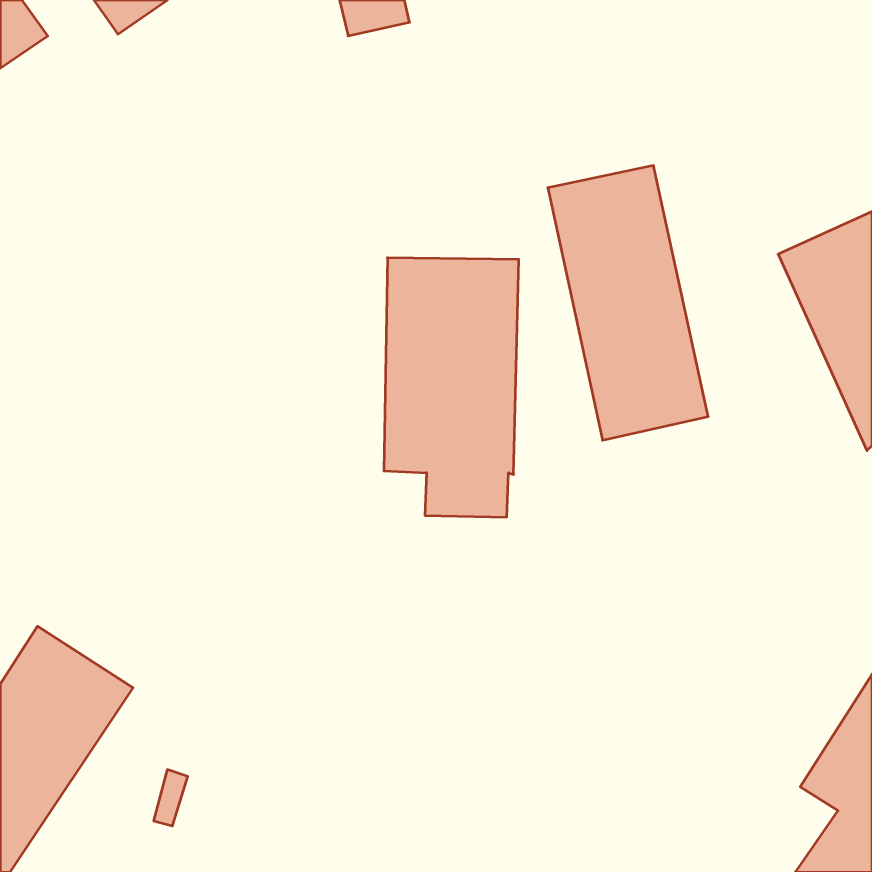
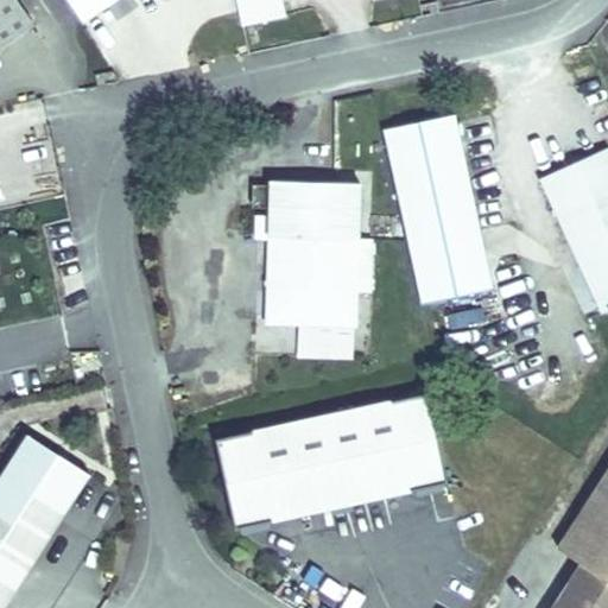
building: none -> [215,391,448,527]

